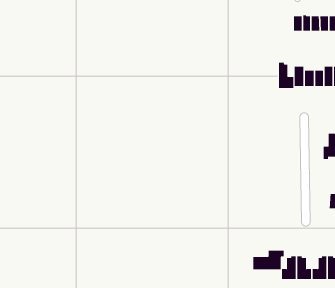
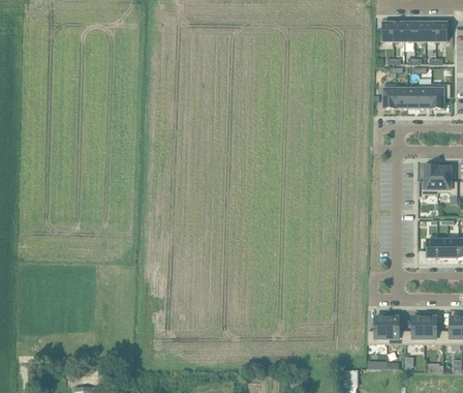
building: [278,62,294,89] -> none
building: [253,250,284,270] -> none

